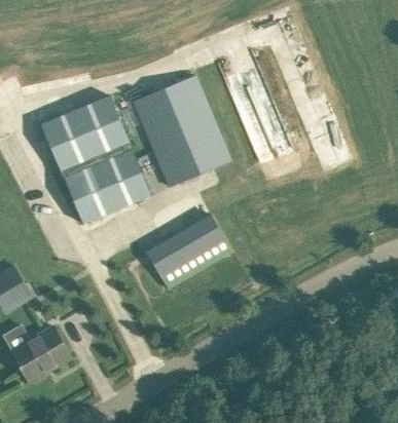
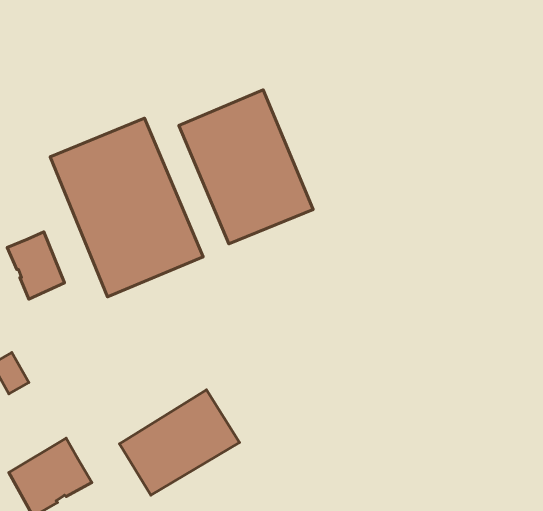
building: none -> [7,232,65,299]
building: [145,214,231,290] -> [119,390,239,495]

